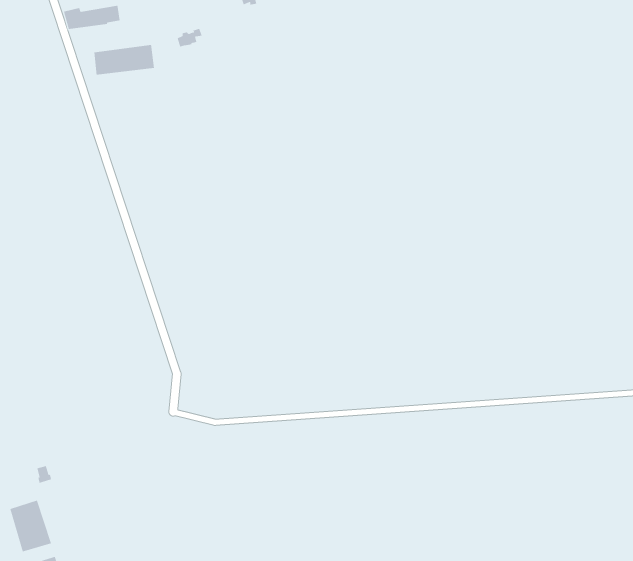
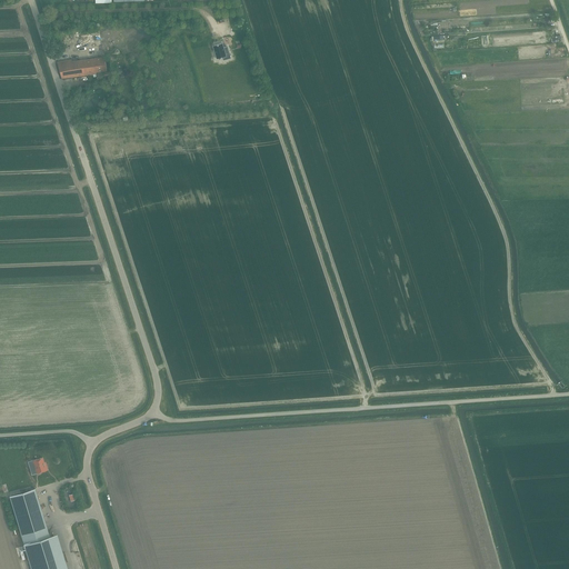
building: [94,44,155,75] -> none

